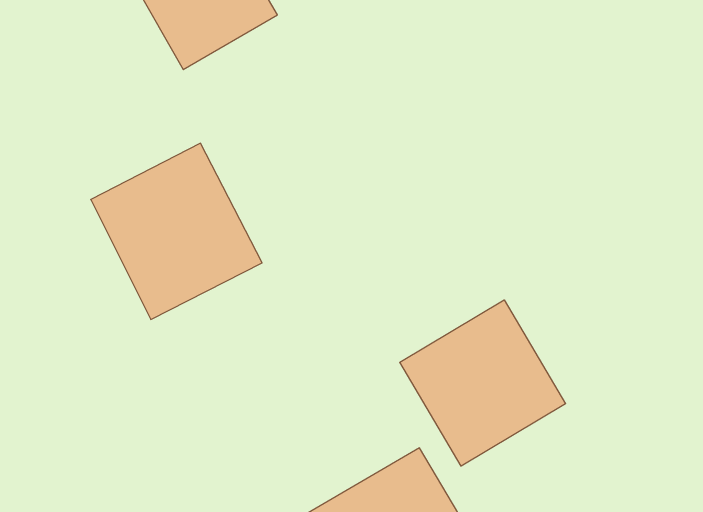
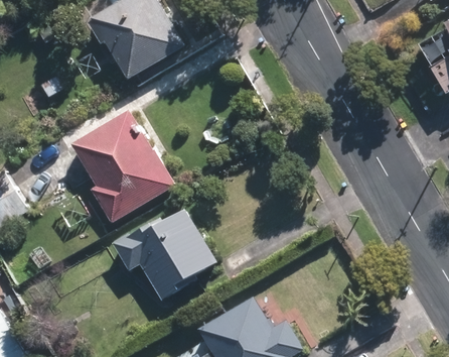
building: [400,300,566,466] -> none
building: none -> [138,218,218,297]

